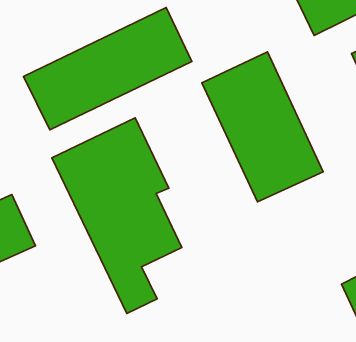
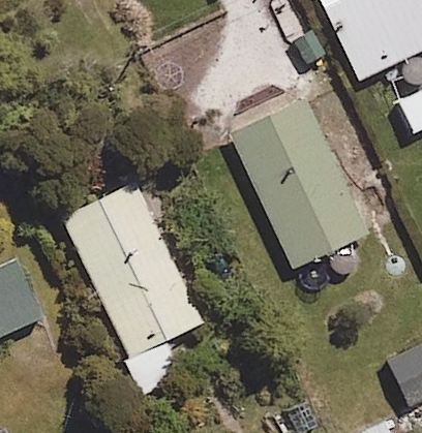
building: [24,8,192,130] -> none

